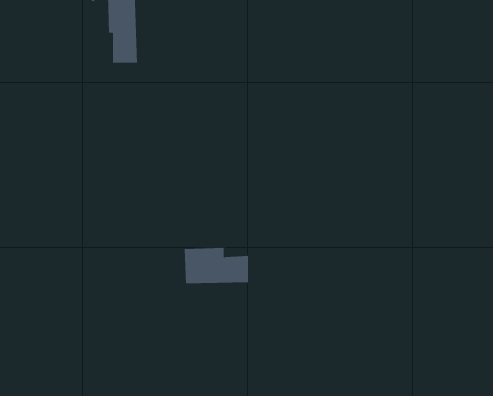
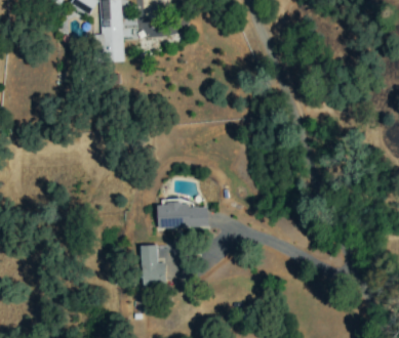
building: none -> [141,243,165,286]

